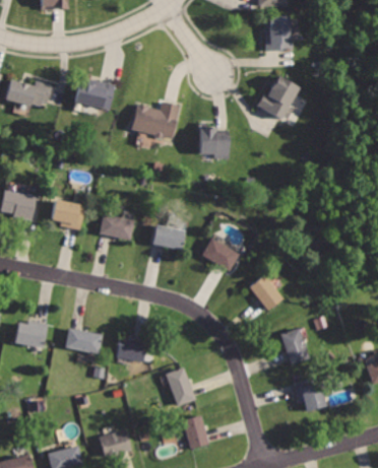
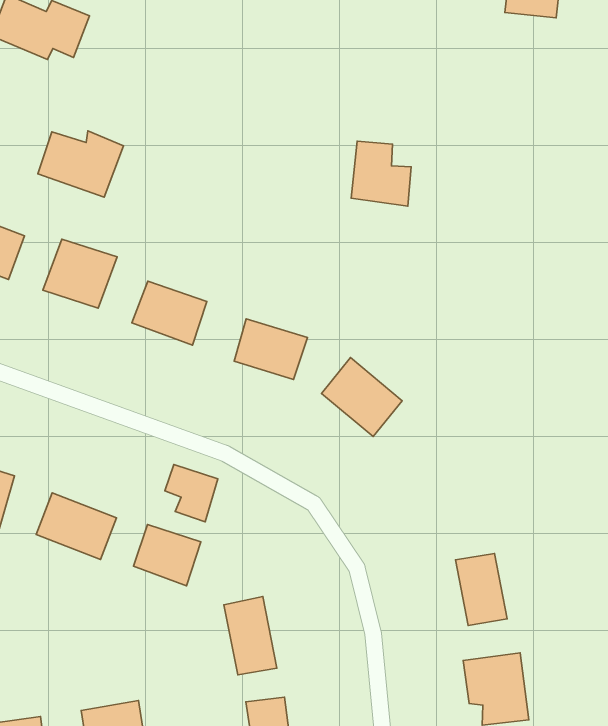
building: [254,76,298,120] -> none
building: [74,77,116,110] -> [38,131,123,197]
building: [132,98,181,140] -> none
building: [248,273,287,312] -> none
building: none -> [165,465,218,522]

